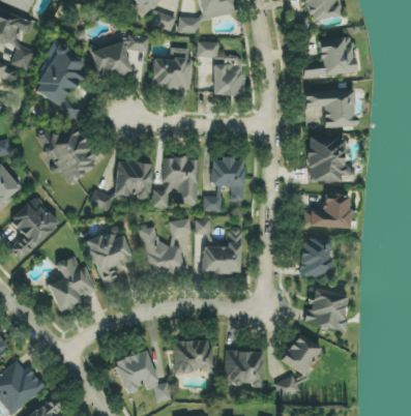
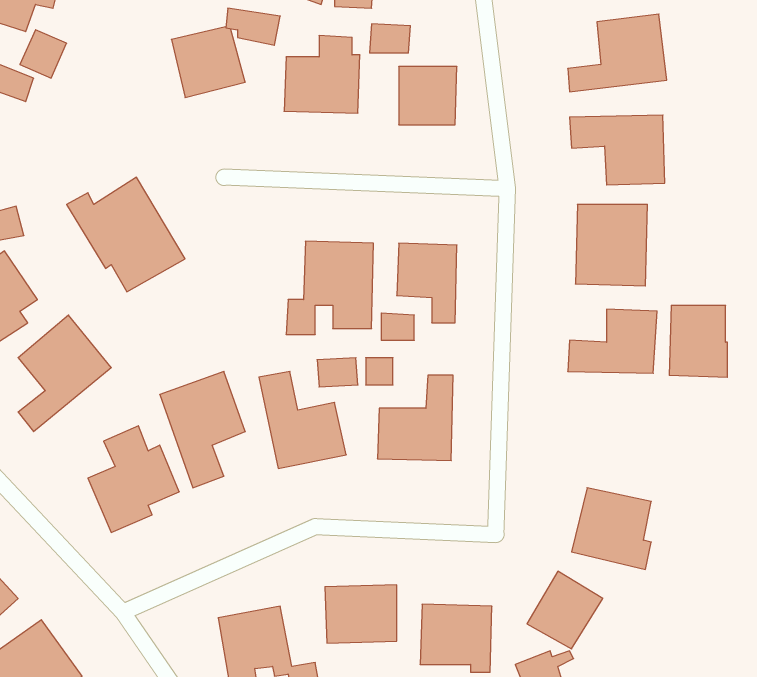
building: [34,49,84,107] -> none
building: [89,161,153,212] -> none
building: [300,239,331,277] -> [669,305,727,377]

